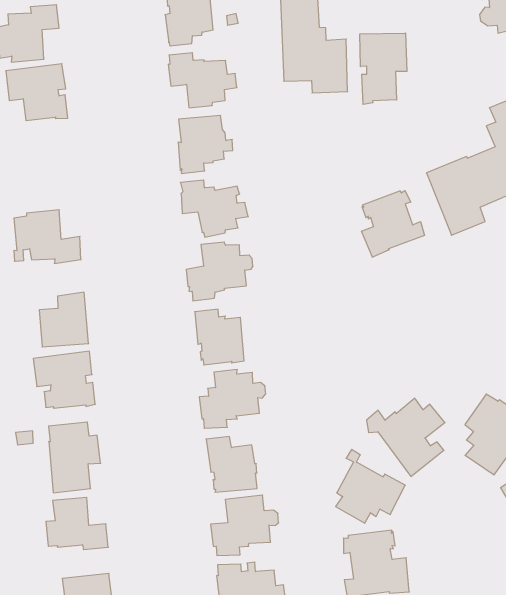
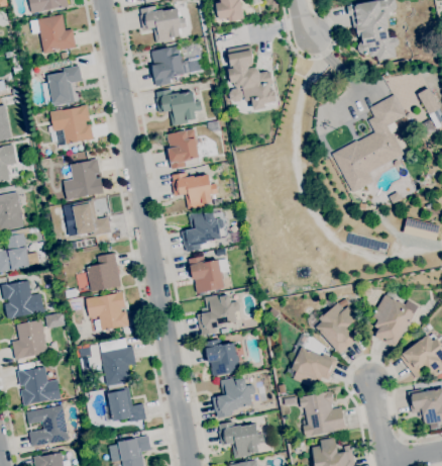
building: [360,33,407,104] -> none
building: none -> [64,159,104,200]
building: [362,191,425,257] -> none

